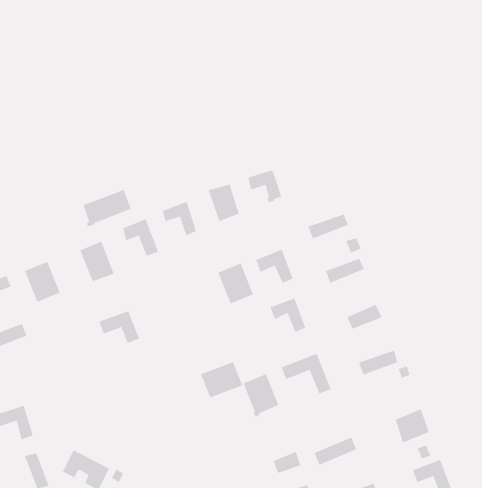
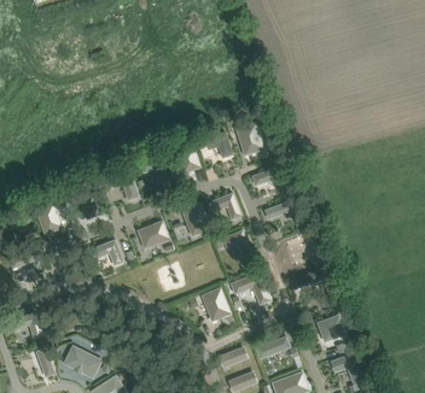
building: none -> [237,123,262,156]
building: [83,189,132,227] -> none
building: [200,362,243,398] -> [136,221,169,248]

